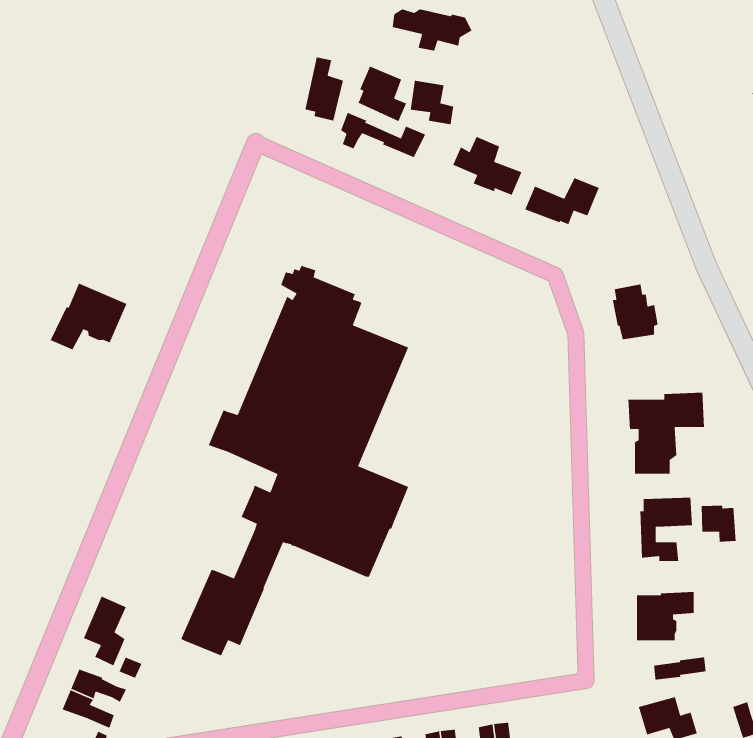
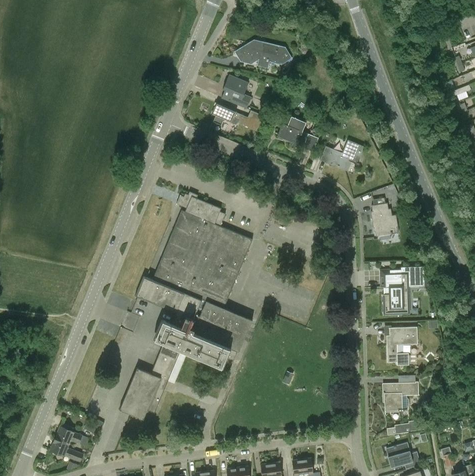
building: [304,57,344,121] -> none
building: [410,80,454,125] -> none
building: [49,282,127,350] -> none
building: [701,505,737,542] -> none
building: [83,595,127,666] -> none

